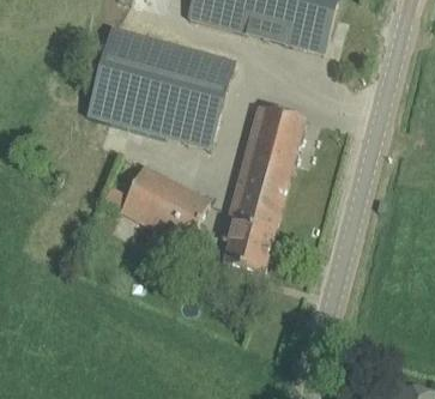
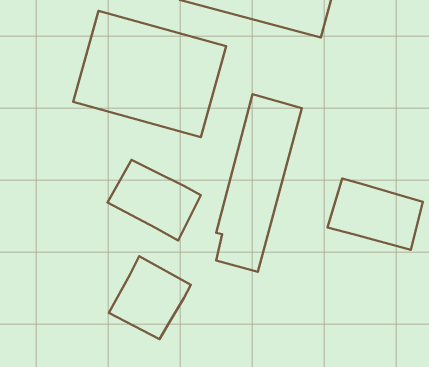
building: none -> [327,179,423,250]
building: none -> [109,256,191,339]

